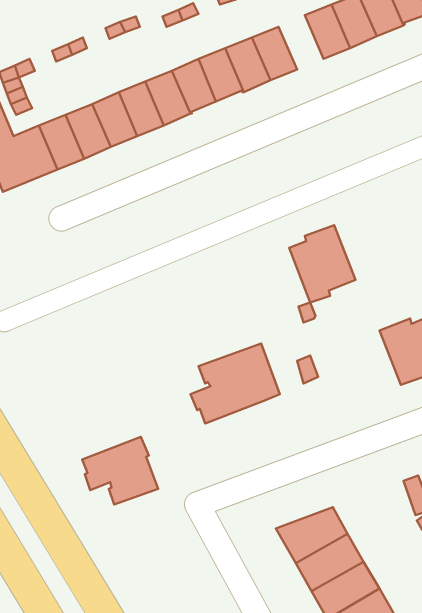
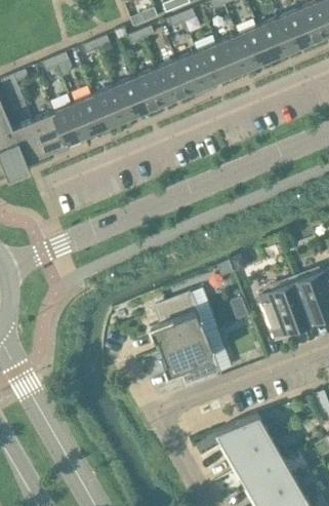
building: none -> [217,35,252,77]
building: [289,225,356,302] -> [260,278,312,338]
building: [82,437,158,505] -> [161,333,219,385]

